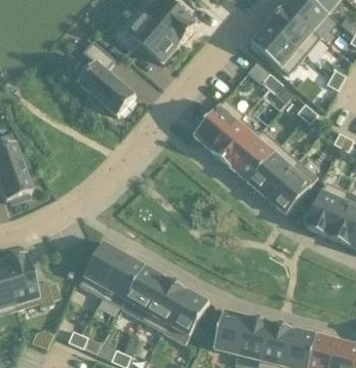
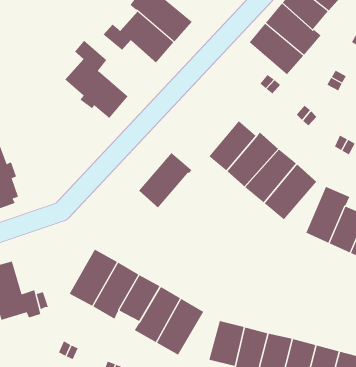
building: [193,98,245,153] -> [138,152,192,209]

